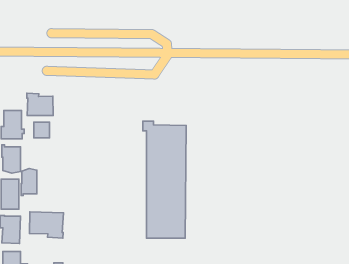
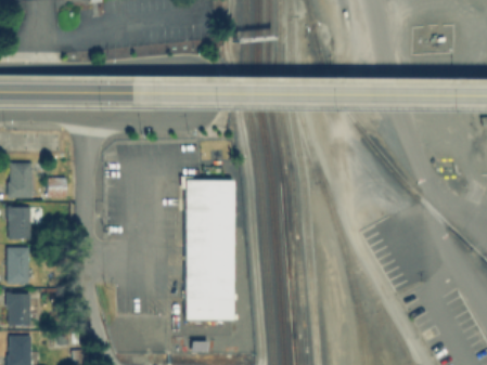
building: [27,93,53,115] -> none
building: [21,169,37,195] -> none
building: [29,212,63,238] -> none

